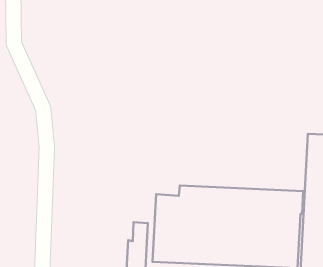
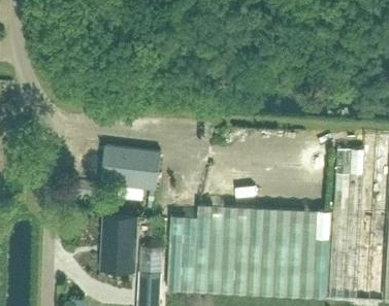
building: none -> [101,145,161,190]
building: none -> [105,216,135,270]

